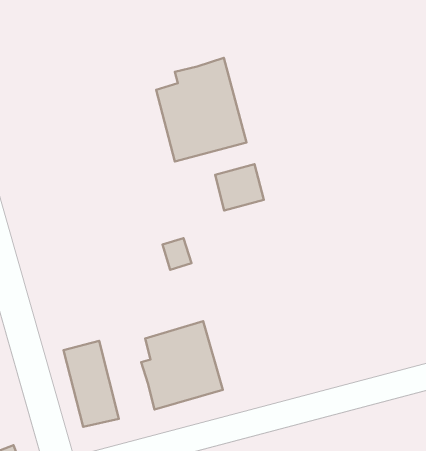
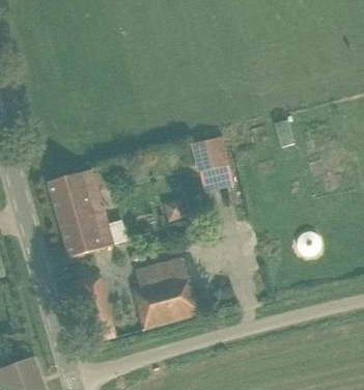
building: [156,58,246,162] -> none
building: none -> [46,169,112,256]

